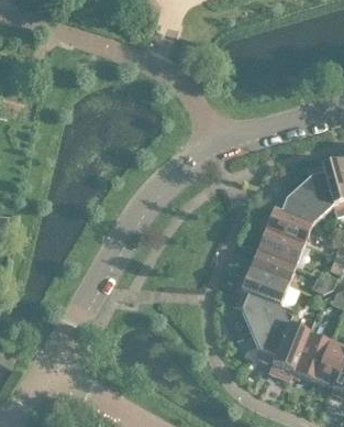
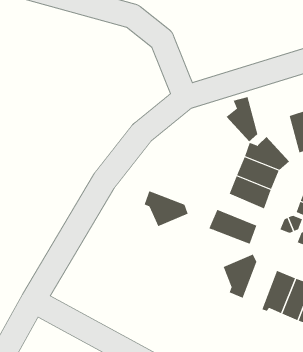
building: [299,166,334,216] -> [226,96,258,142]
building: [251,251,297,285] -> none
building: [236,291,285,330] -> [144,190,188,227]
building: [270,325,310,381] -> none

